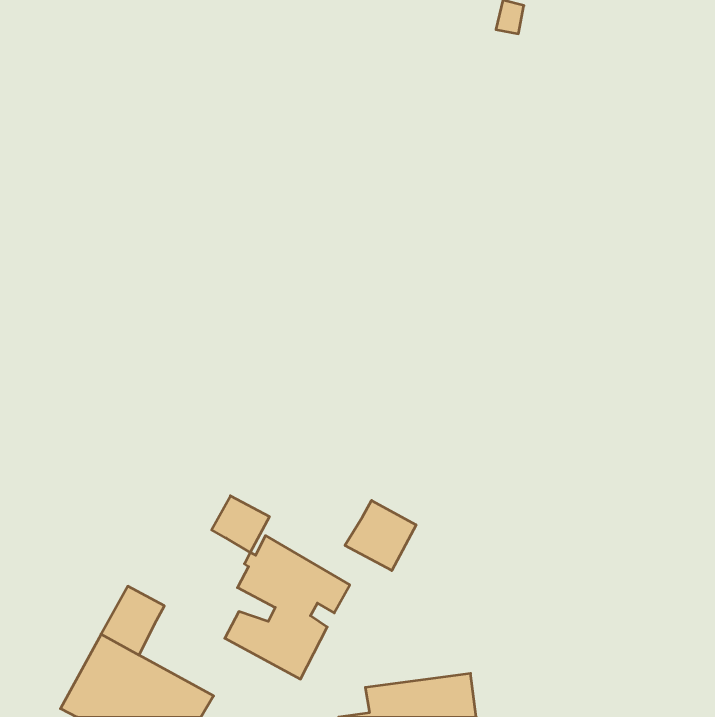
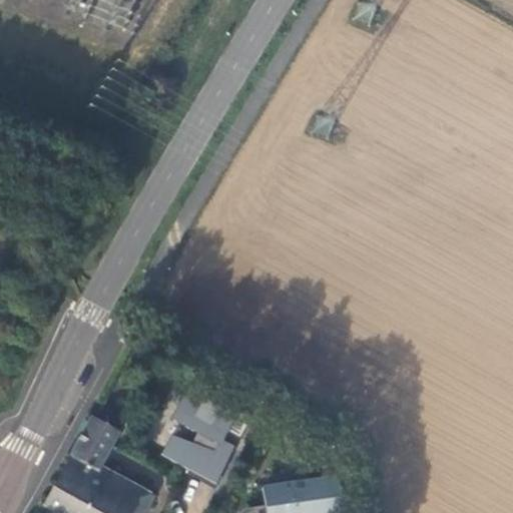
building: [212,496,269,553] -> none
building: [345,500,416,571] -> none

